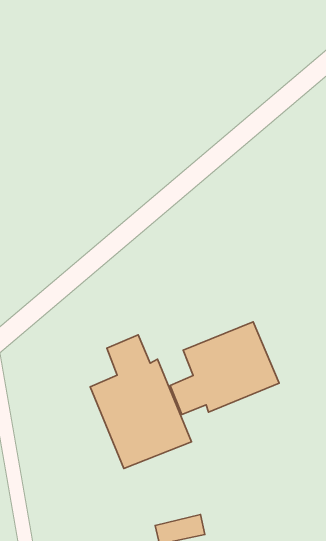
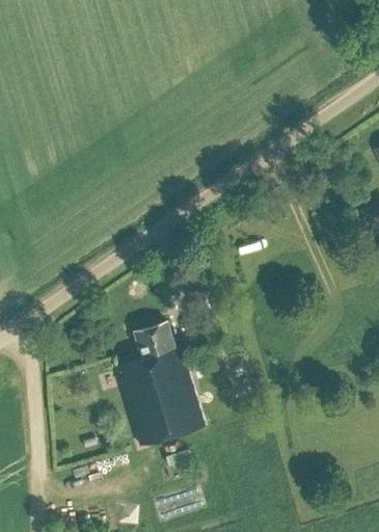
building: [170,322,279,415] -> none

